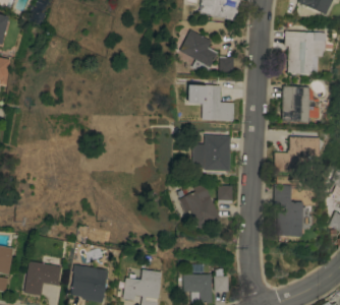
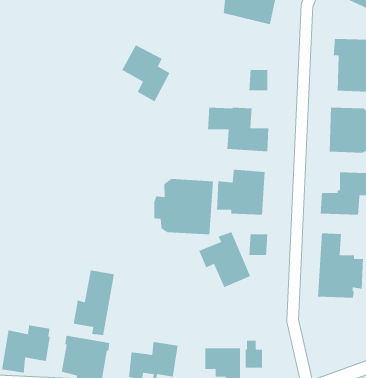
building: [178,29,217,75] -> [121,44,170,103]
building: none -> [153,178,214,235]
building: none -> [73,269,115,336]

